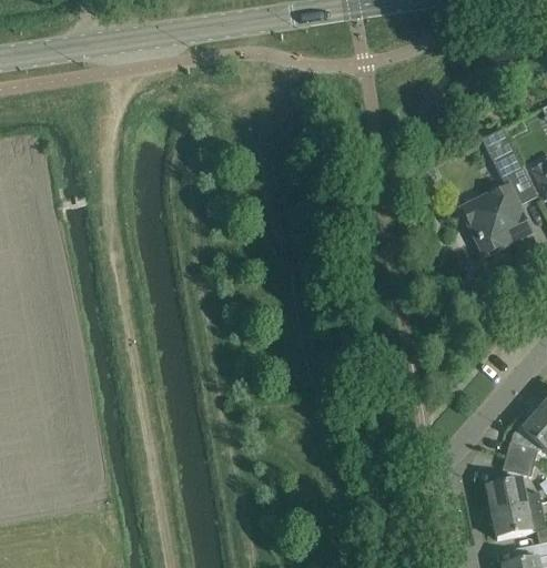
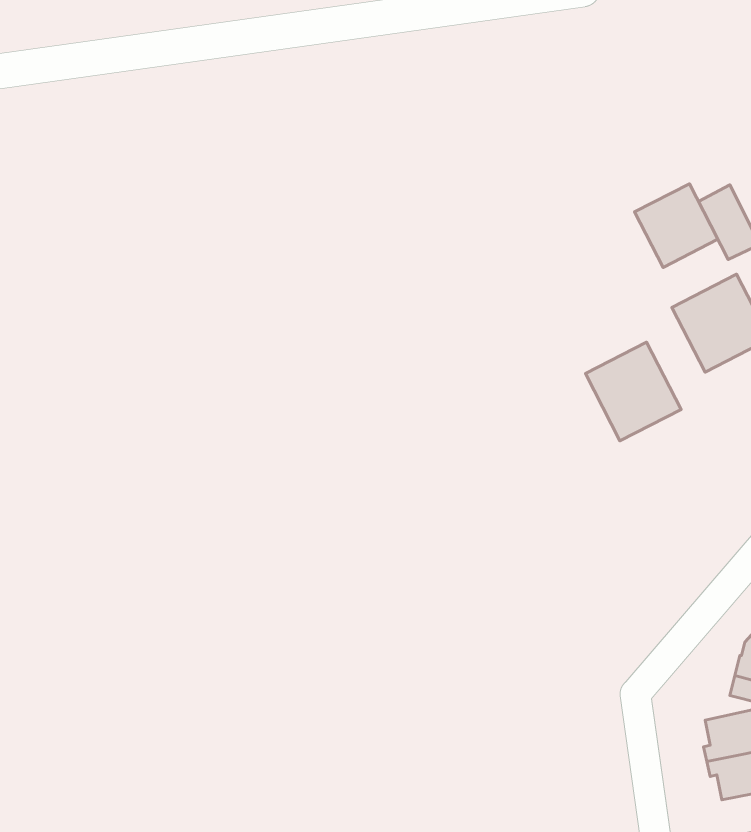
building: none -> [635,184,718,267]
building: none -> [585,342,681,441]

